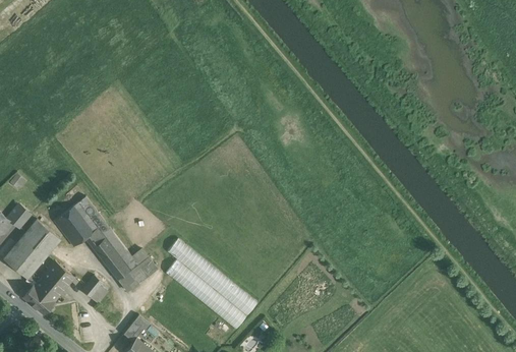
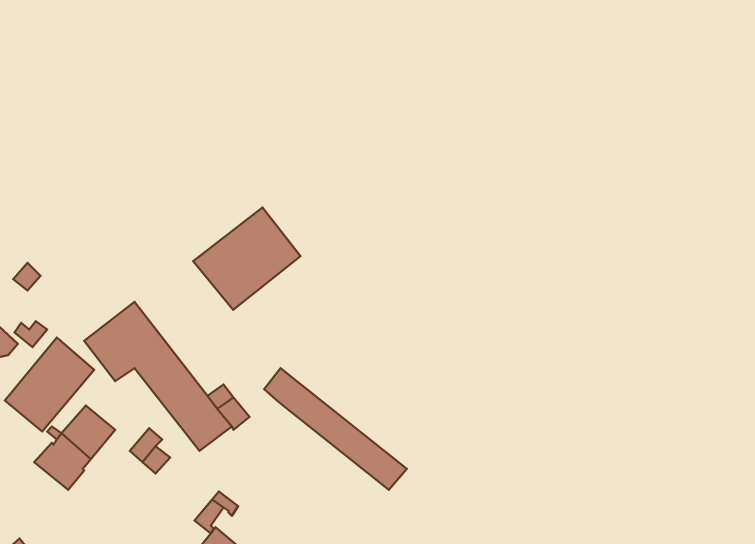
building: none -> [193,207,301,310]
building: [165,259,245,328] -> none

